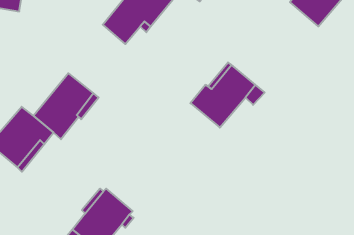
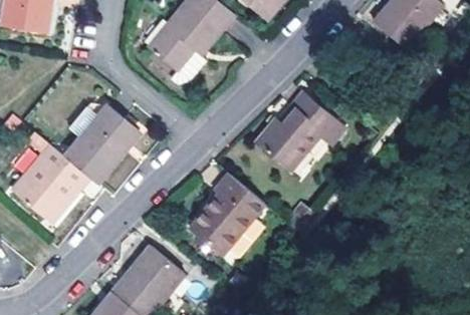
building: none -> [192,176,264,256]

